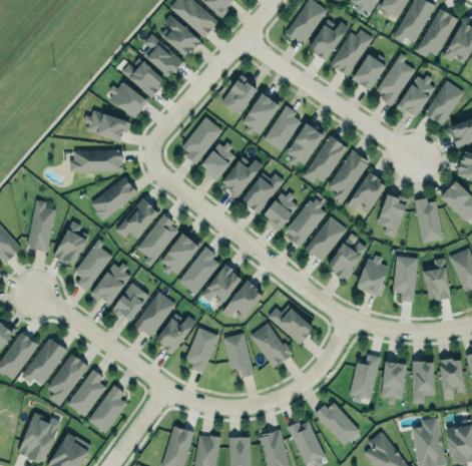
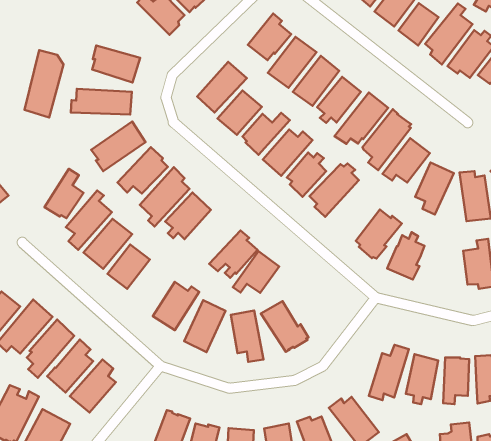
building: [108,80,147,117] -> none
building: [25,195,56,254] -> [25,50,63,117]
building: [305,214,348,261] -> none
building: [178,247,219,295] -> none
building: [392,255,420,303] -> none
building: [133,291,176,337] -> none
building: [269,305,315,344] -> none

